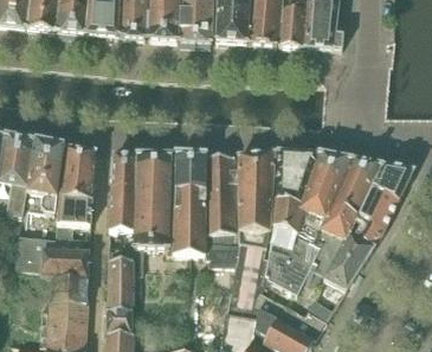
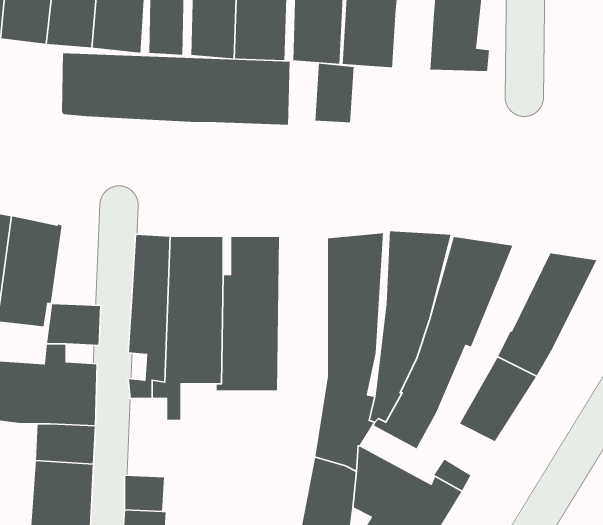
building: [281,7,307,46] -> [314,63,355,123]
building: none -> [61,53,290,125]
building: [59,147,95,199] -> none
building: [209,155,238,265] -> none
building: [309,160,381,276] -> none
building: [107,260,134,311] -> none

